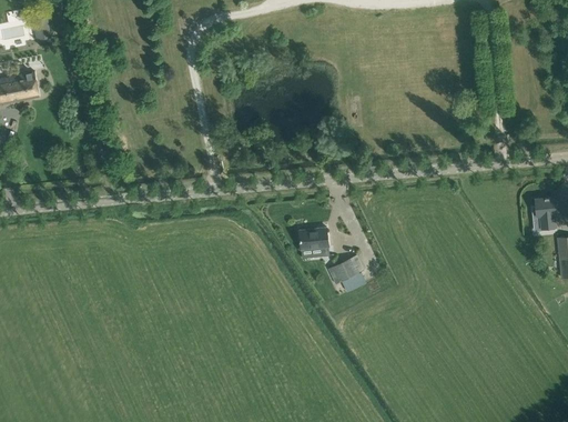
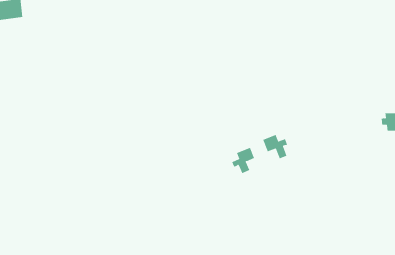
building: [298,228,327,249] -> none
building: none -> [262,134,288,159]

